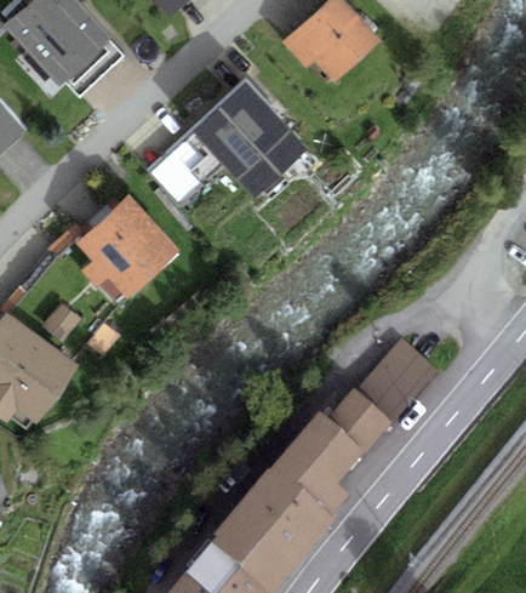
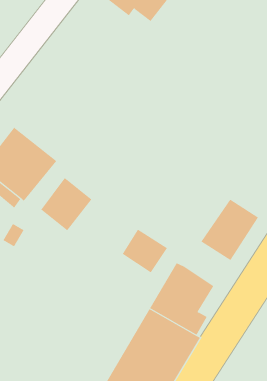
building: [145,79,305,206] -> none
building: none -> [41,177,92,231]
building: [327,389,390,452] -> [122,229,168,273]

